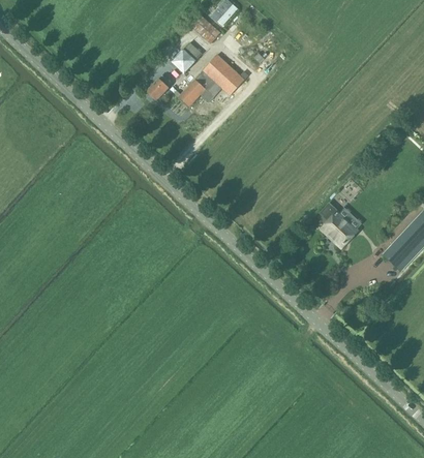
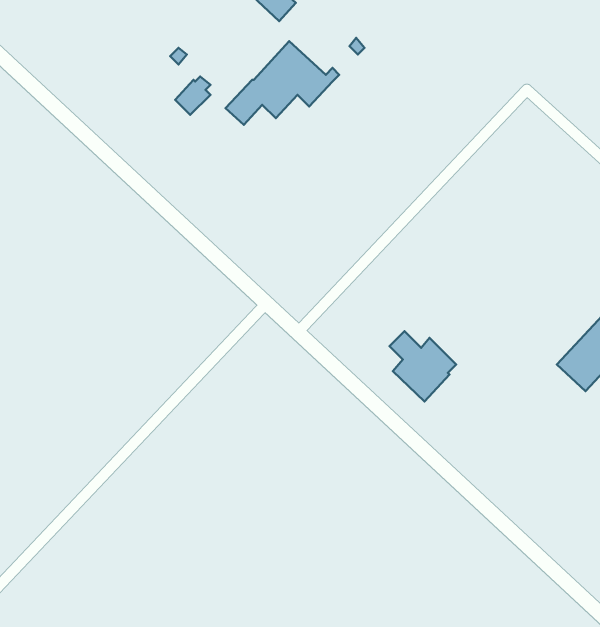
building: [171,42,201,72] -> none
building: [319,204,360,247] -> [389,331,456,401]

